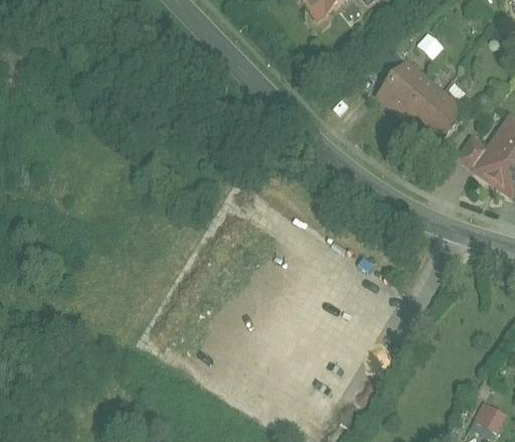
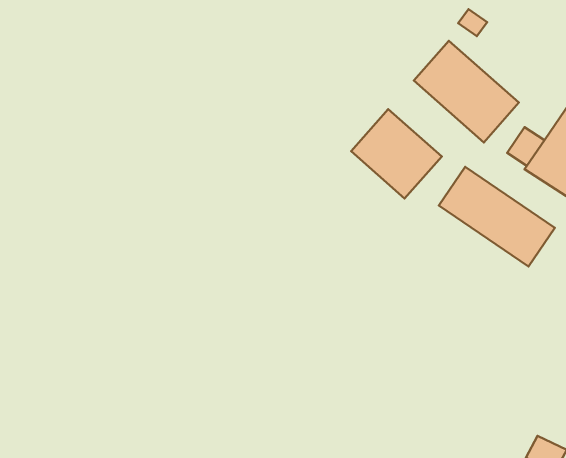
building: none -> [351,109,442,198]
building: none -> [439,167,555,267]

